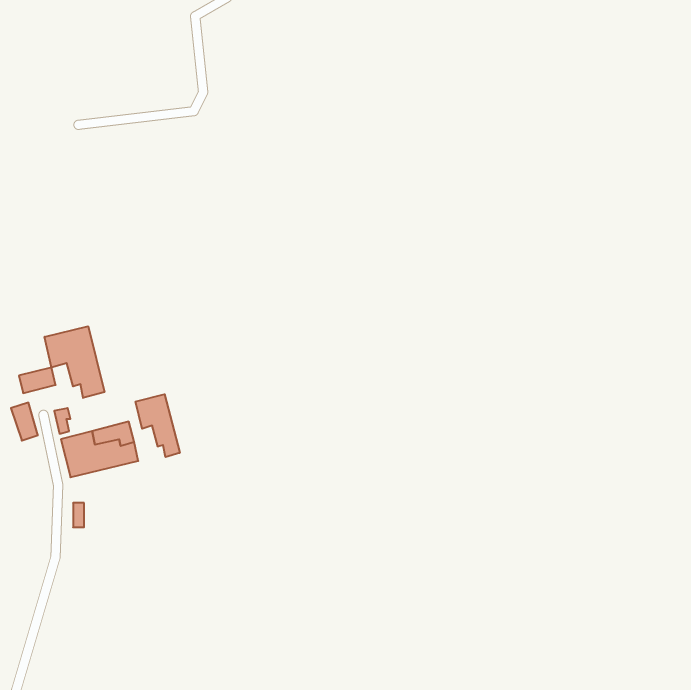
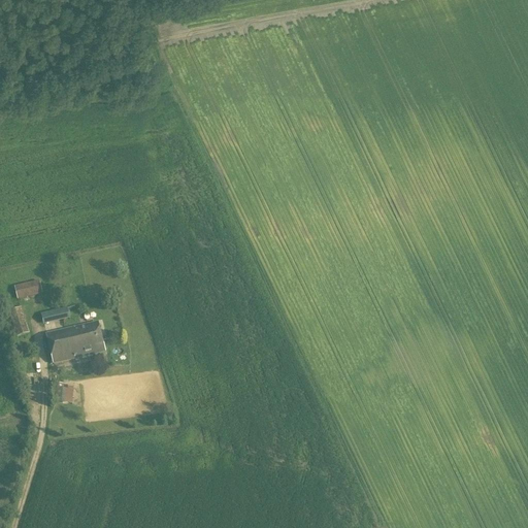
building: [45,326,104,398] -> none
building: [136,394,180,457] -> none

